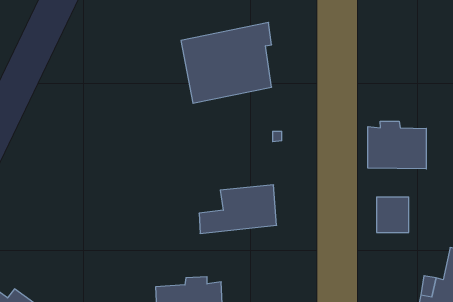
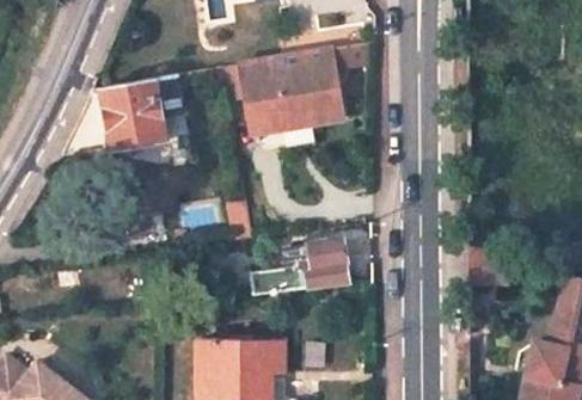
building: none -> [102,80,169,154]
building: [368,121,426,169] -> none

